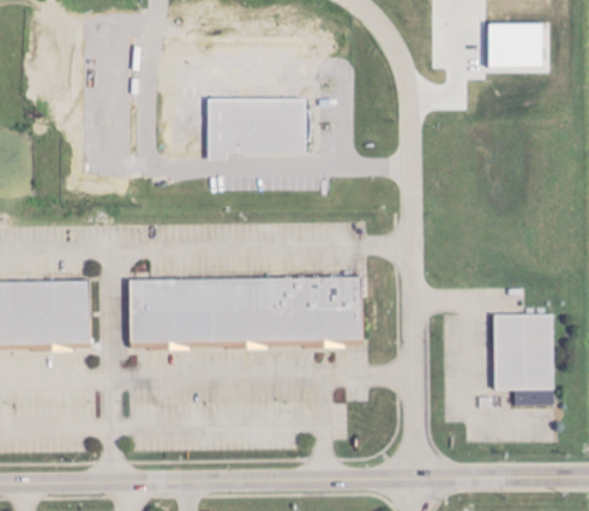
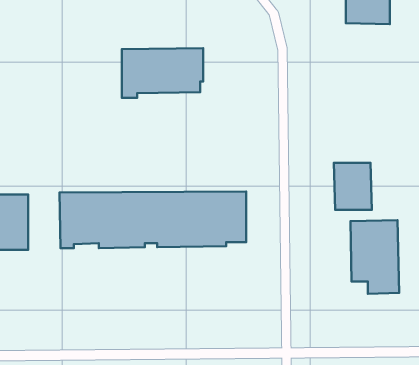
building: none -> [334,163,372,210]

